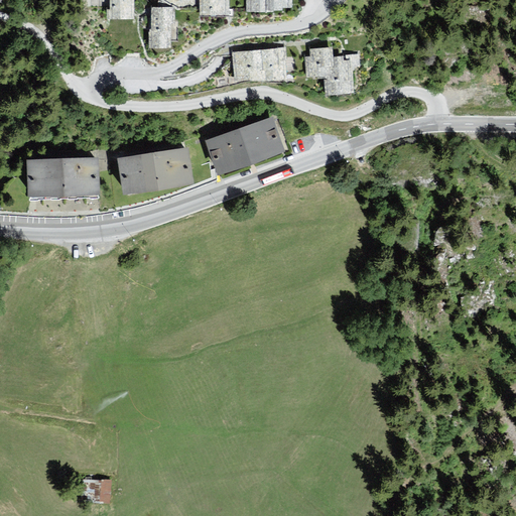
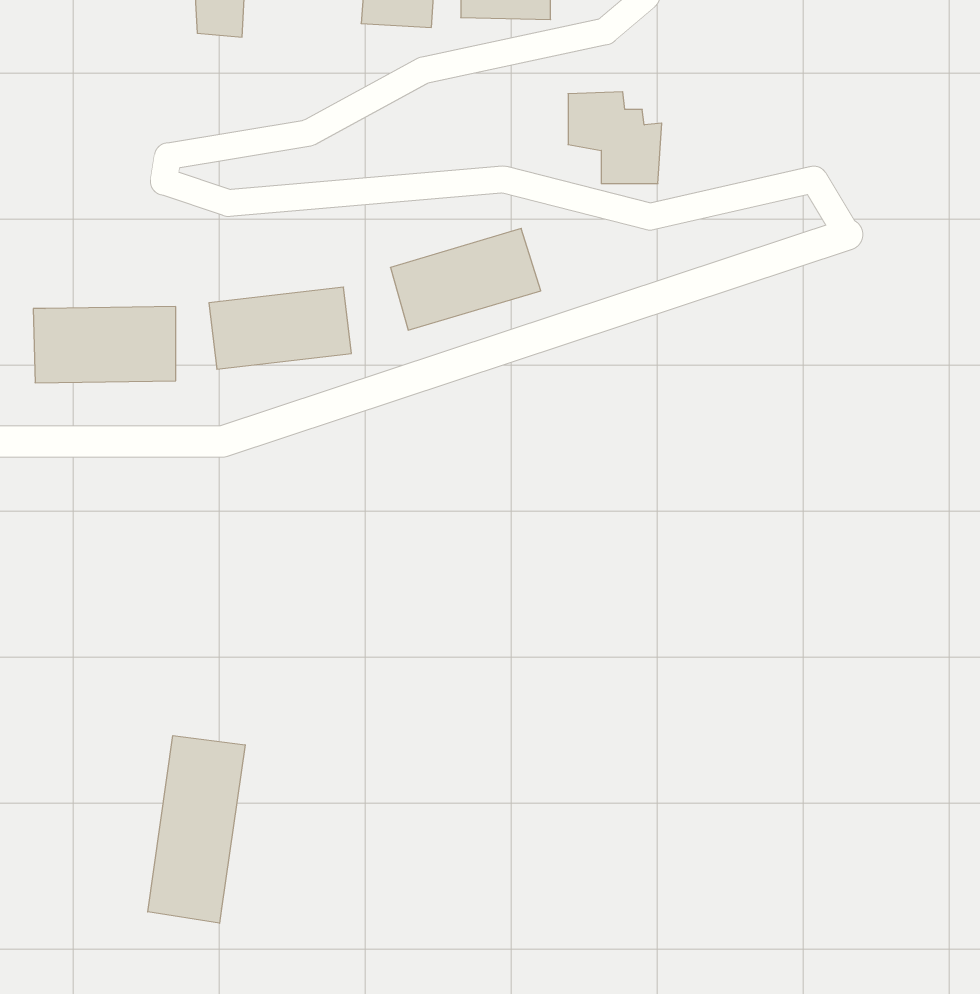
building: [148,5,177,47] -> none
building: [233,46,289,80] -> none
building: none -> [148,736,245,923]
building: [85,479,115,503] -> none

